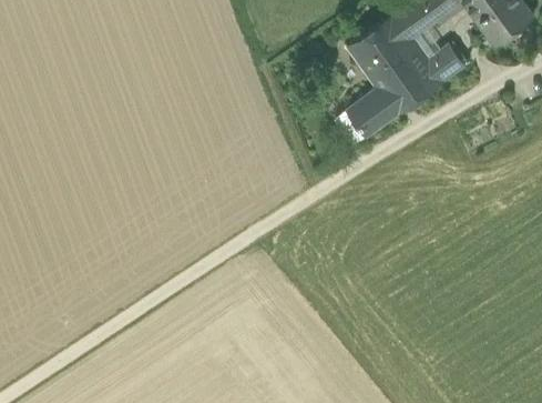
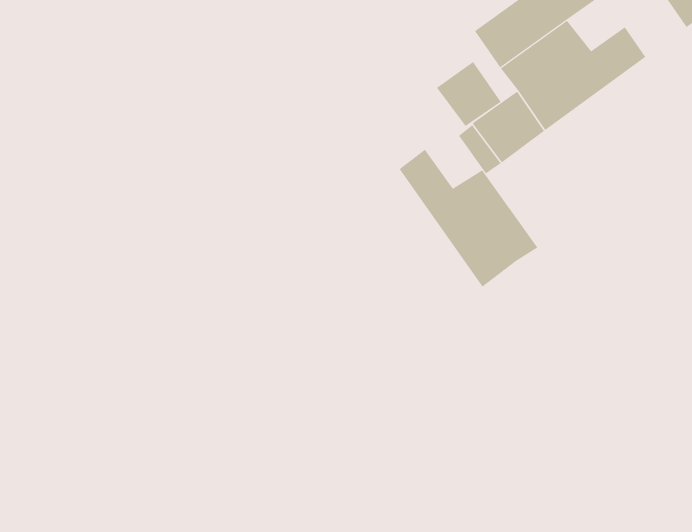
building: none -> [436,61,501,127]
building: none -> [399,149,538,288]

